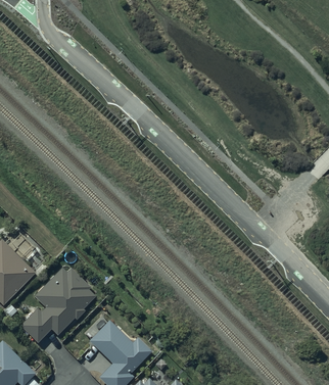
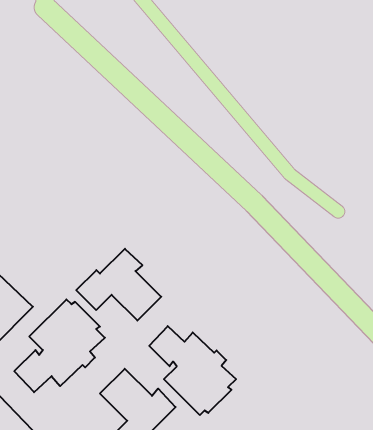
building: none -> [76,249,161,321]
building: none -> [149,326,236,415]

